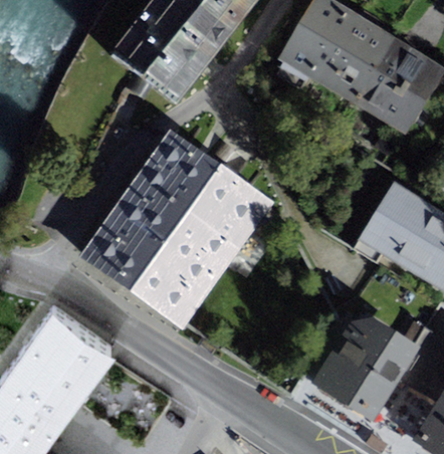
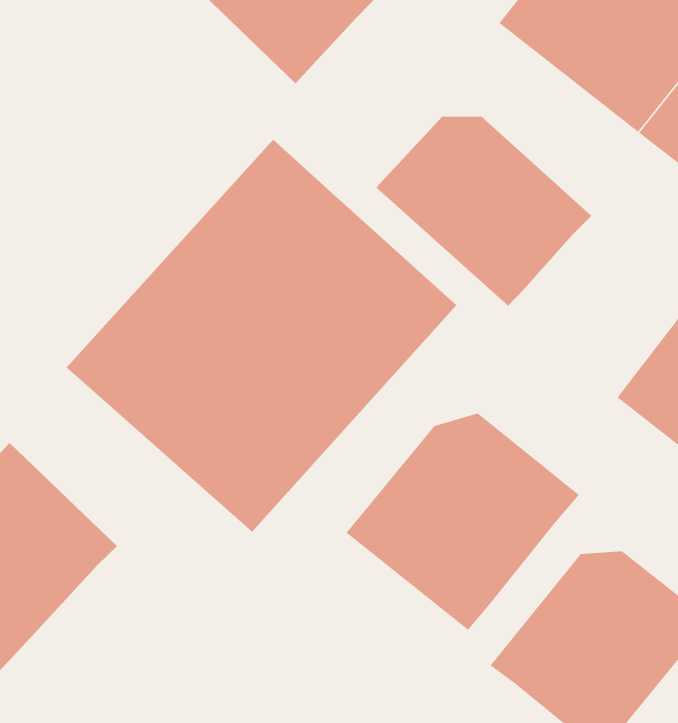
building: none -> [376,116,592,306]
building: none -> [345,412,580,631]

